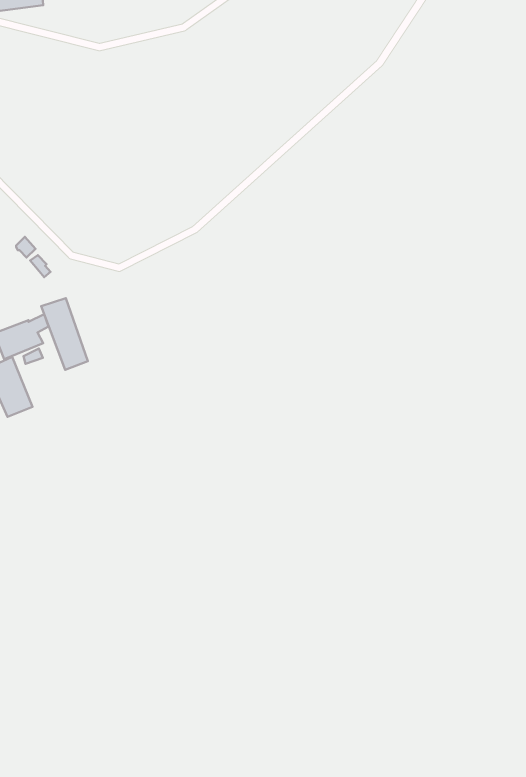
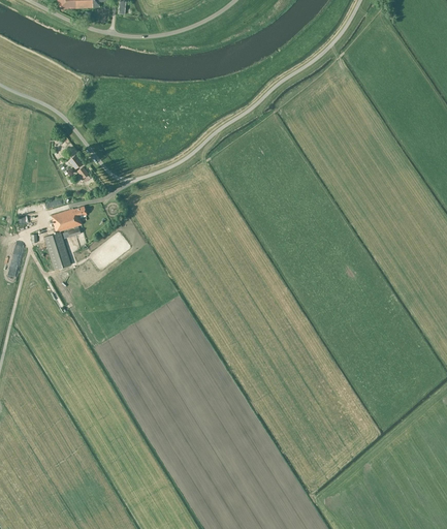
building: [41,298,88,370] -> none

